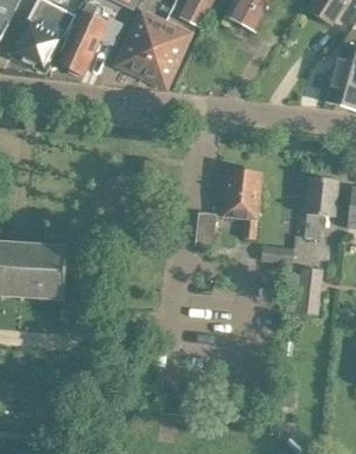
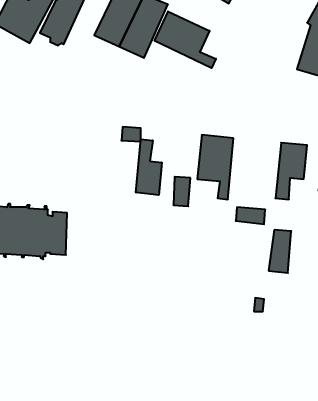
building: none -> [155,11,216,68]
building: none -> [136,139,162,195]

